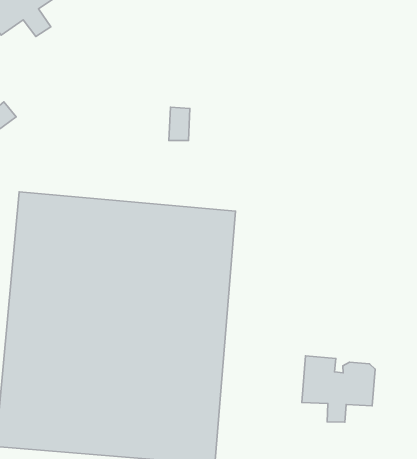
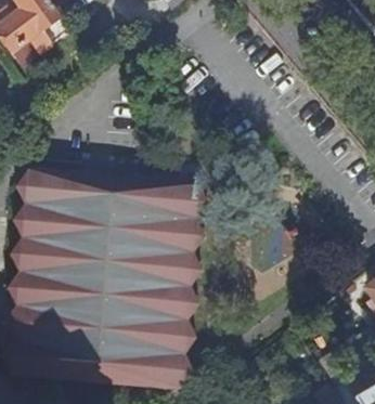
building: [302,356,375,422] -> none

